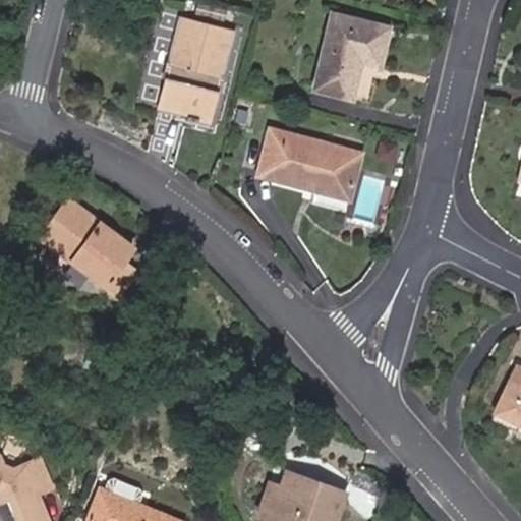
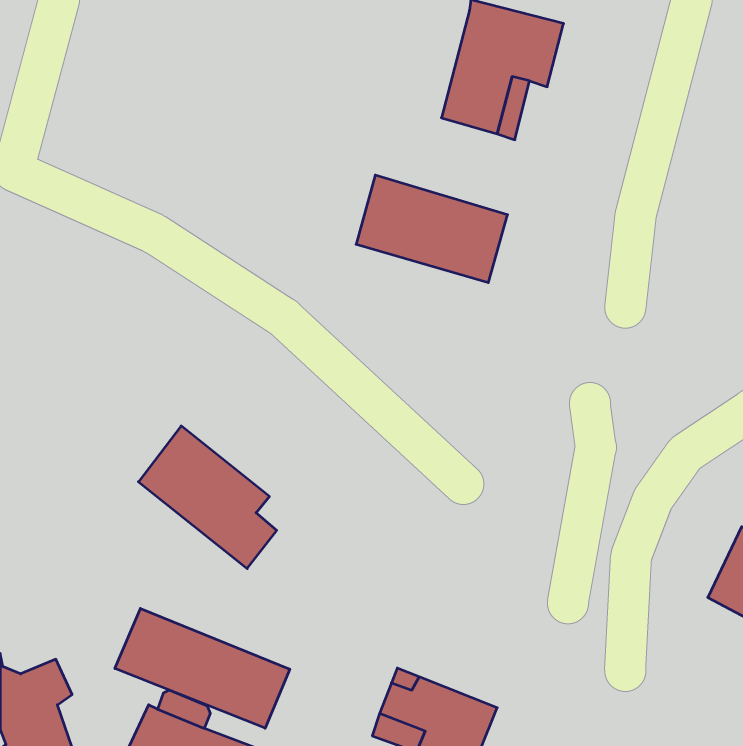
building: [156,20,226,132] -> none
building: [45,202,140,301] -> [138,426,277,569]
building: none -> [115,608,290,728]

